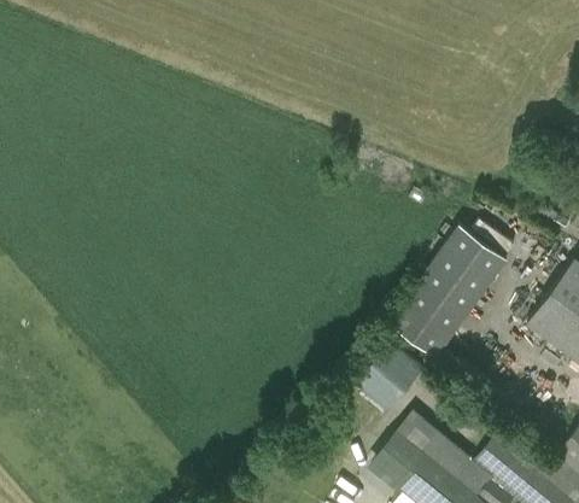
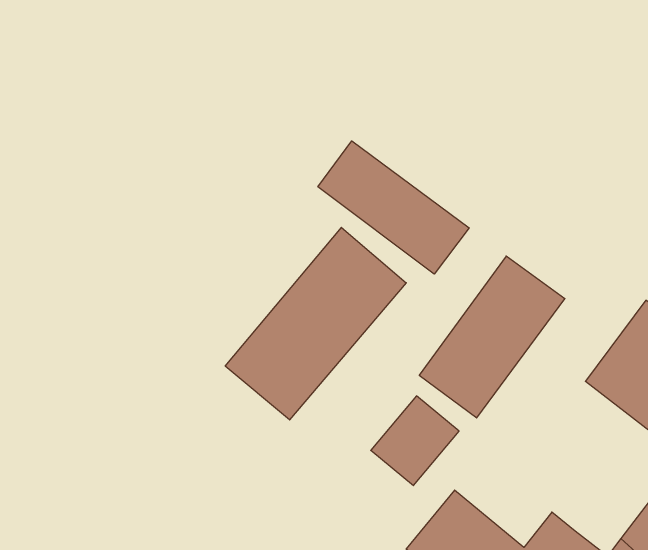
building: none -> [318,141,469,274]
building: none -> [225,227,406,420]

